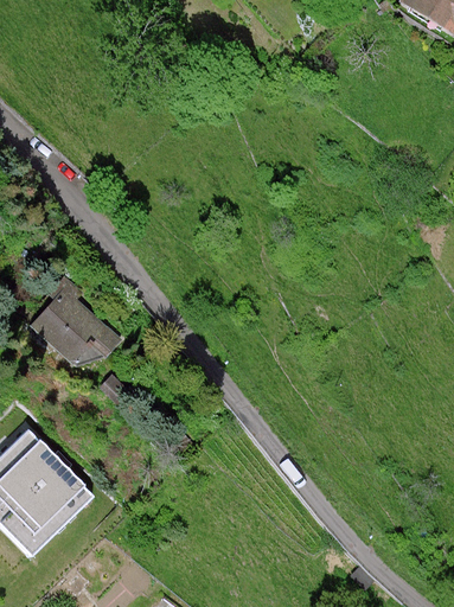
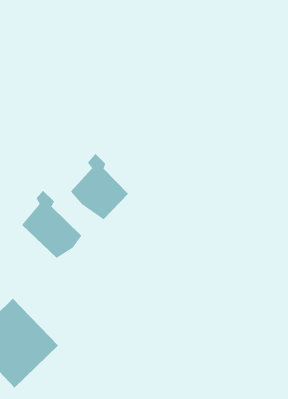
building: none -> [70,153,129,220]

